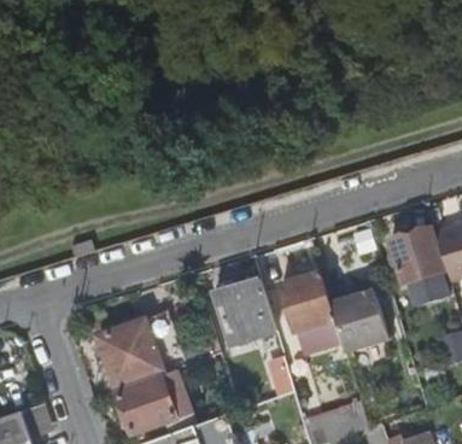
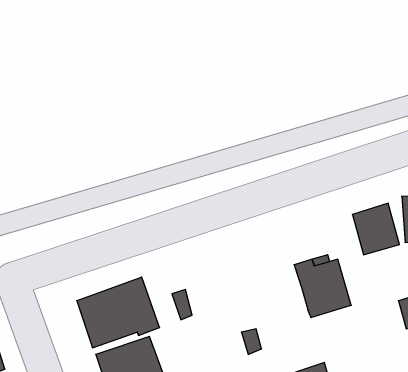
building: [282,273,344,350] -> none
building: [217,280,279,346] -> none

